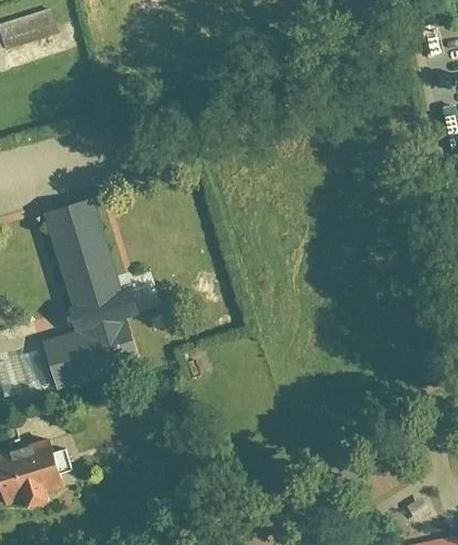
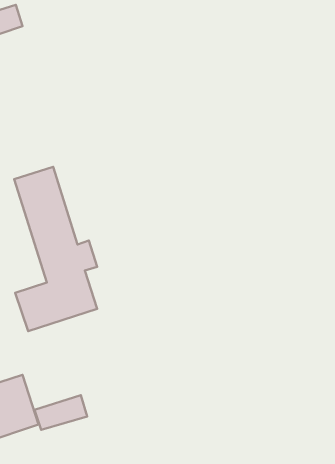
building: none -> [35,395,87,430]

